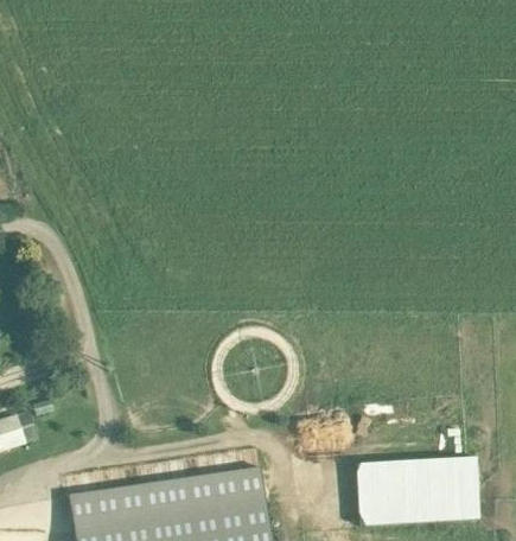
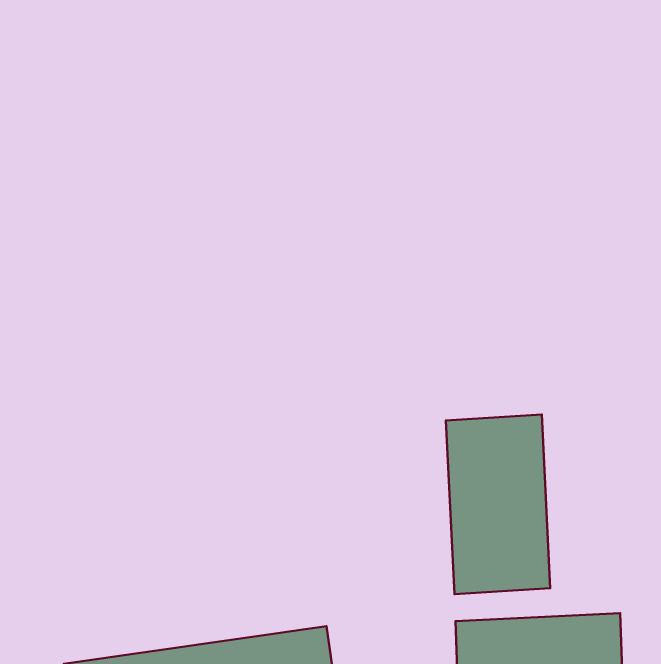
building: none -> [446,415,550,594]

